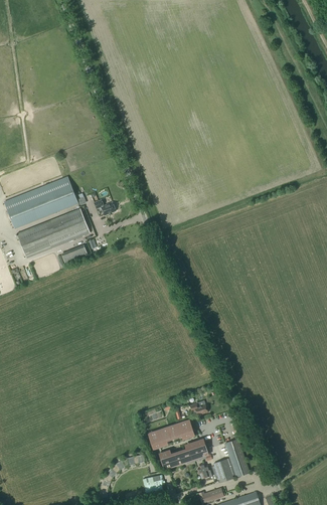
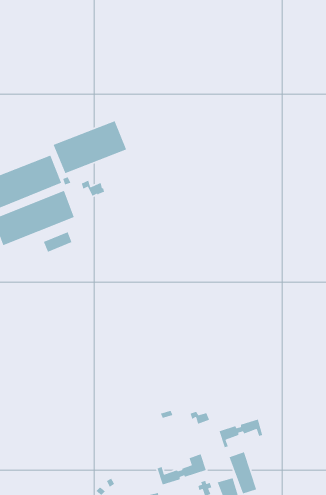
building: none -> [53,120,127,174]
building: [151,420,190,447] -> [218,418,263,448]

